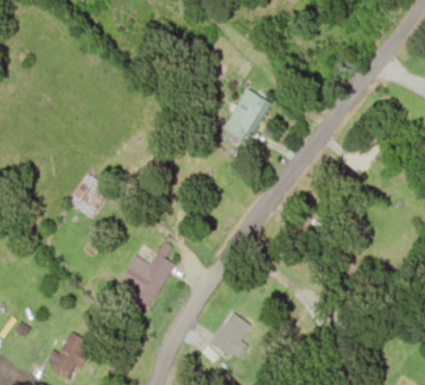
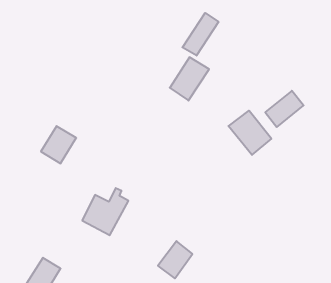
building: none -> [182,13,218,56]
building: none -> [228,111,271,155]

